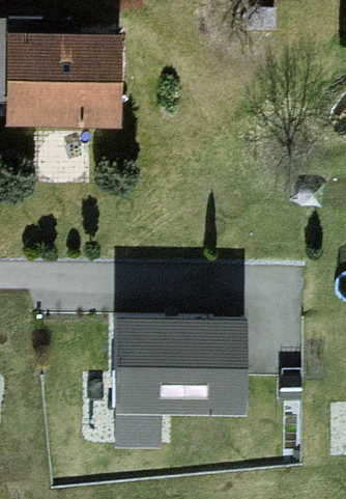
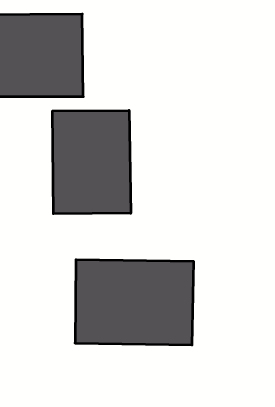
building: none -> [53,110,131,214]

